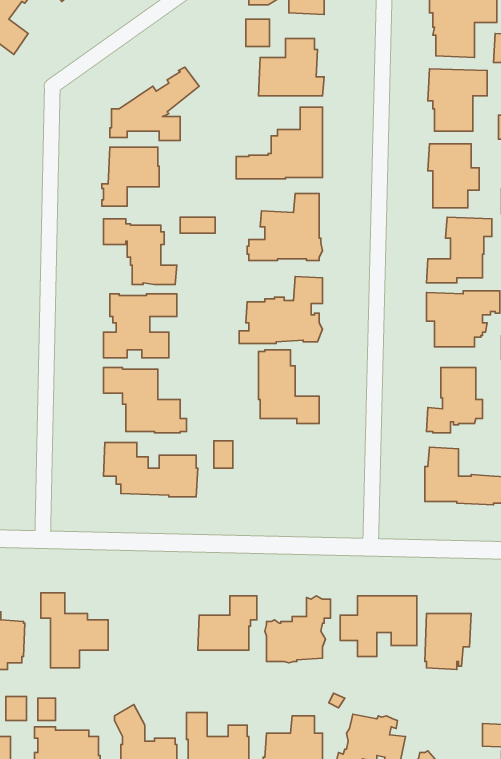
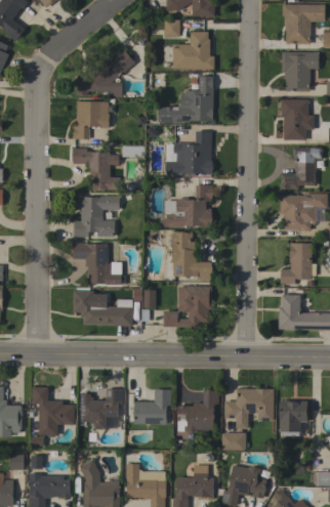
building: none -> [163,286,212,327]
building: none -> [81,388,122,429]
building: none -> [221,432,246,450]

